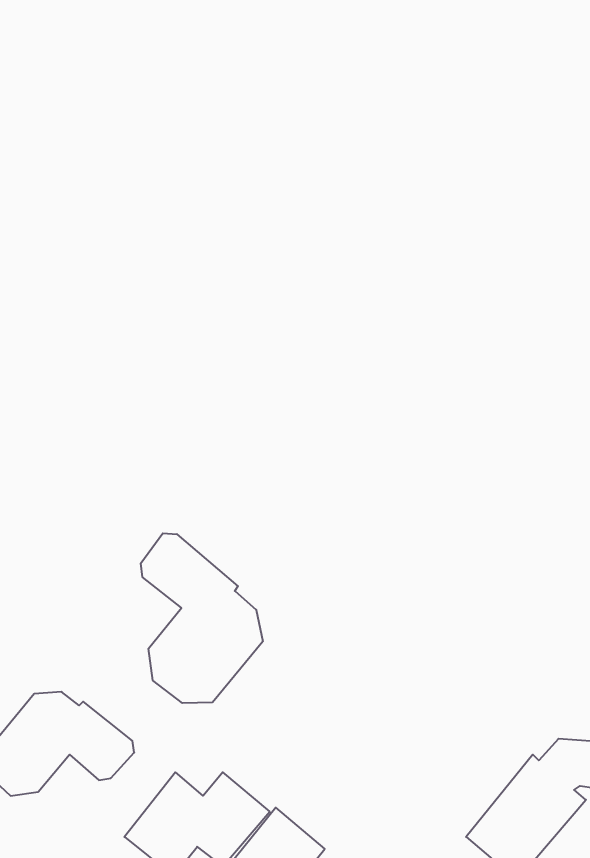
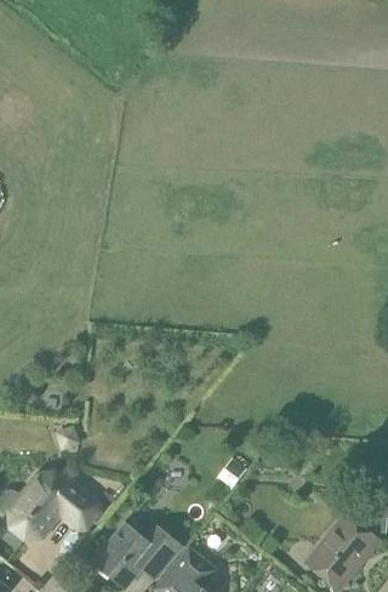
building: [141,533,263,703] -> none

